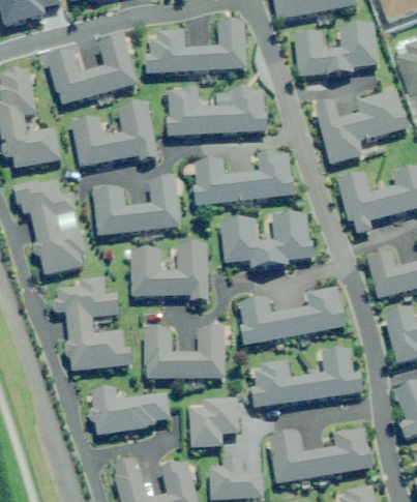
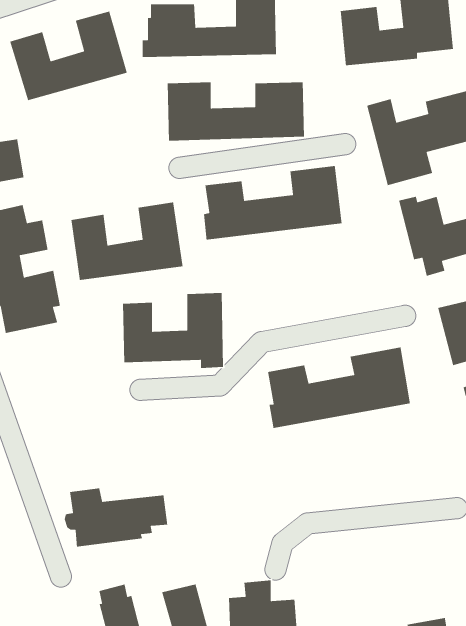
building: [72,101,158,164] -> none
building: [219,211,317,267] -> none
building: [52,276,133,372] -> none
building: [147,329,226,379] -> none
building: [248,350,362,407] -> none
building: [190,397,238,446] -> none
building: [267,430,371,483] -> none

